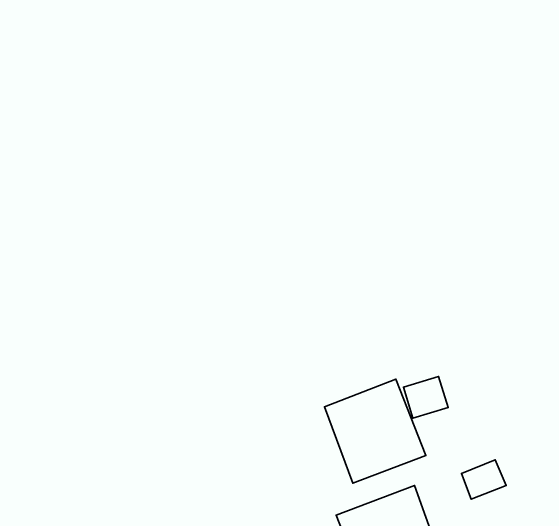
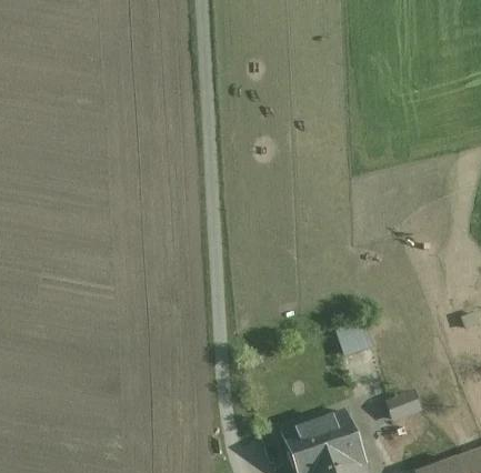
building: [325,379,426,483] -> none

